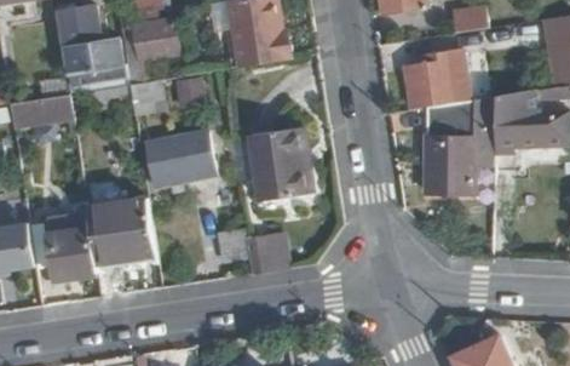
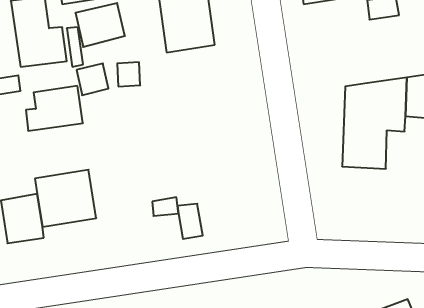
building: [403,58,453,109] -> none
building: [248,128,306,201] -> none
building: [152,138,215,188] -> [26,86,83,131]

